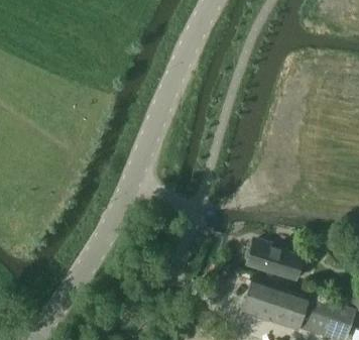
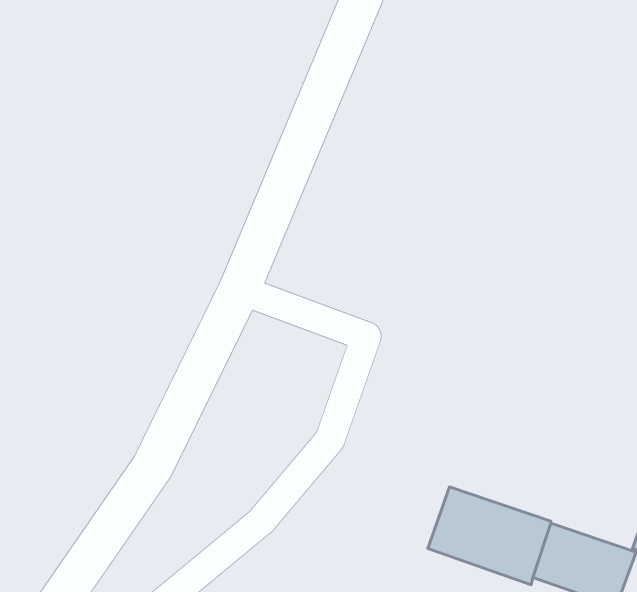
building: [245,244,302,281] -> none

